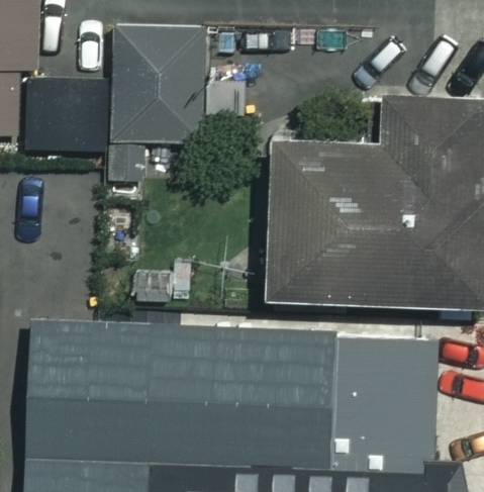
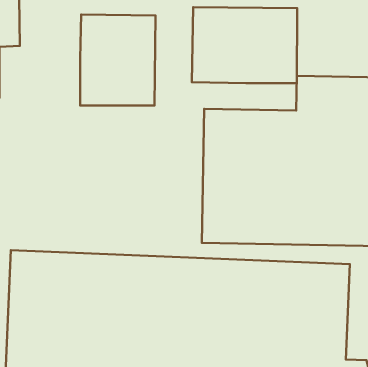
building: none -> [192,7,297,83]
building: [26,81,114,147] -> none

